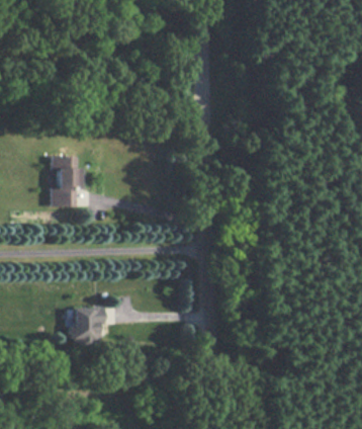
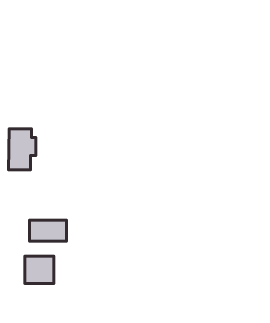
building: none -> [29,220,66,241]

